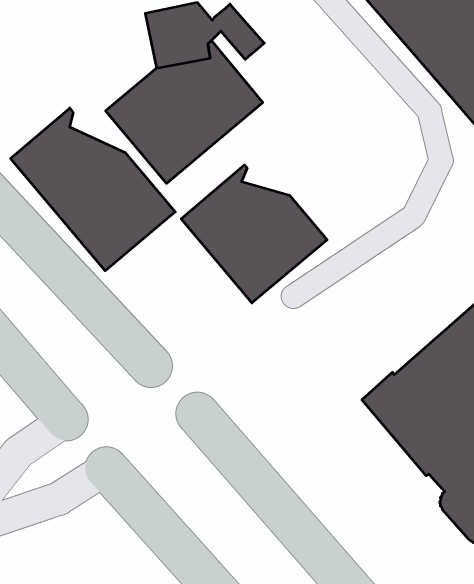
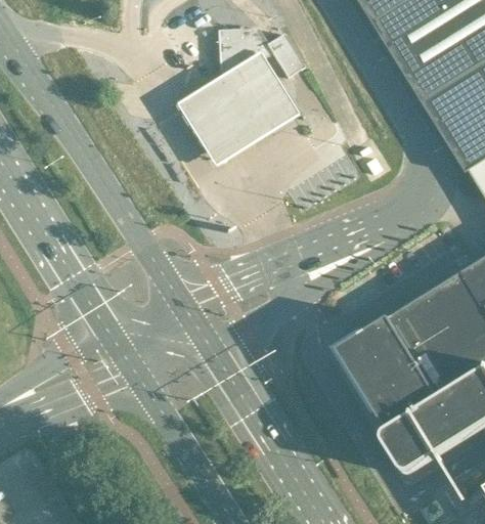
building: [11,108,175,271] -> none
building: [181,165,327,303] -> none

